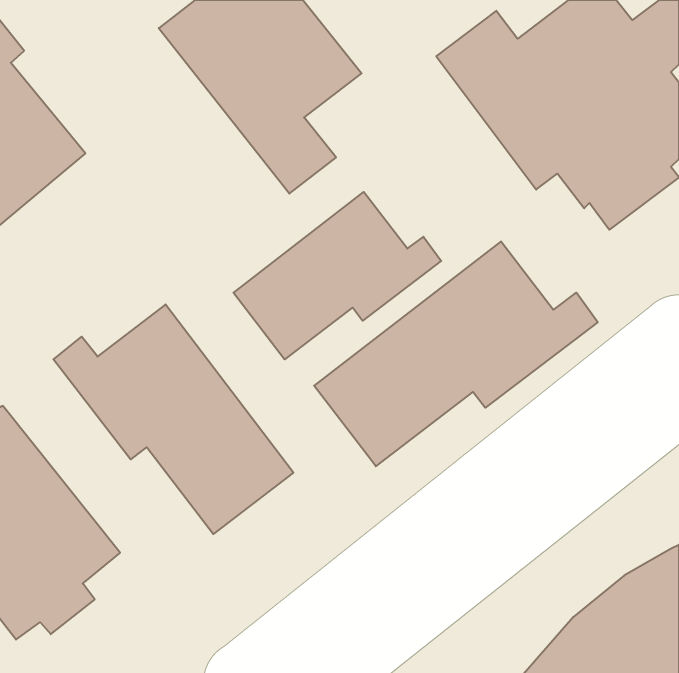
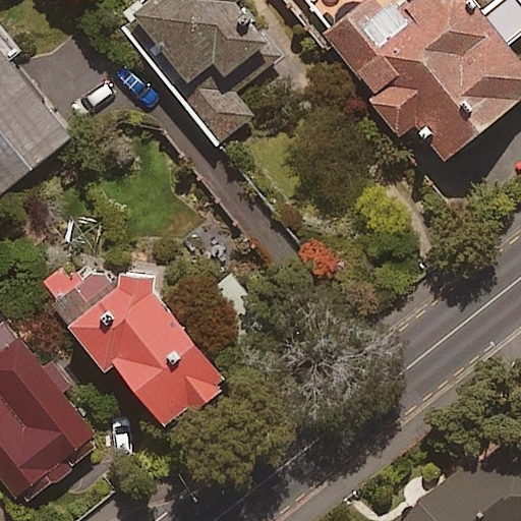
building: [233,192,441,359] -> none
building: [314,241,598,466] -> none

